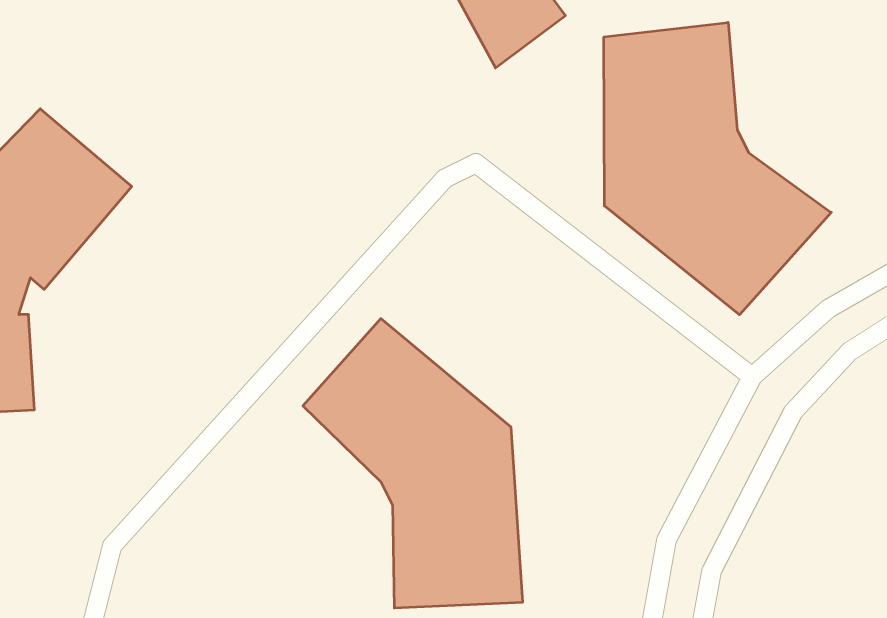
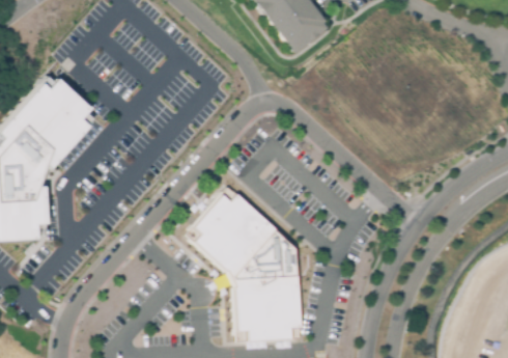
building: [604,22,831,315] -> none

